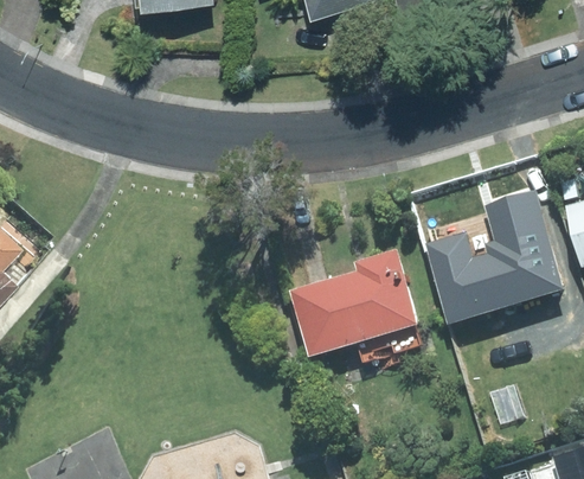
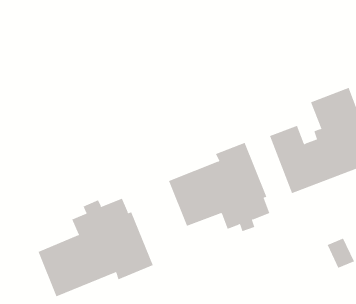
building: none -> [38,198,153,297]

